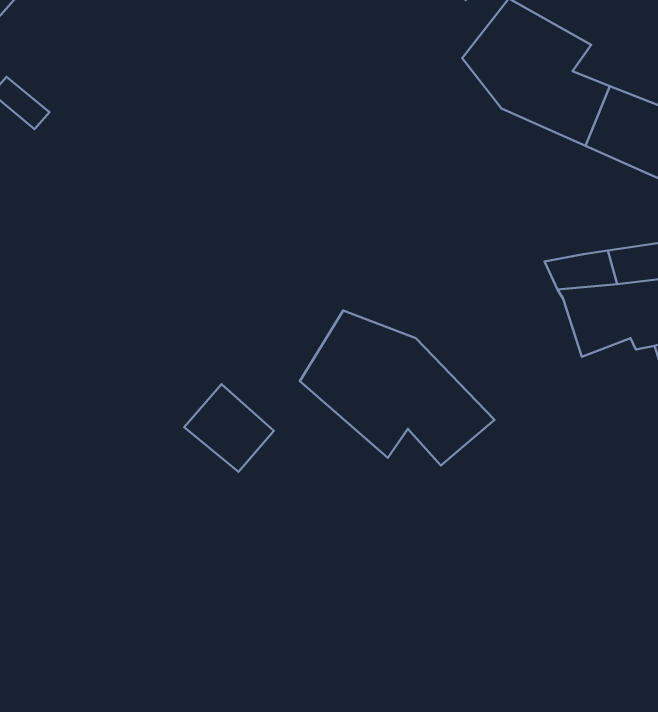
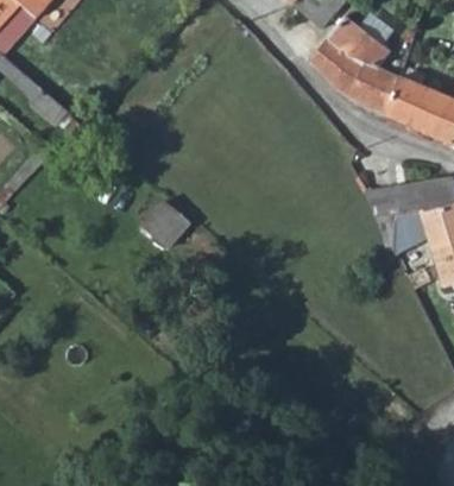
building: [300,311,495,466] -> none
building: [184,384,274,472] -> [143,196,200,252]

